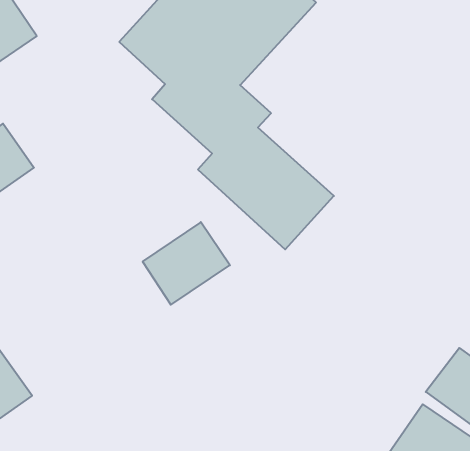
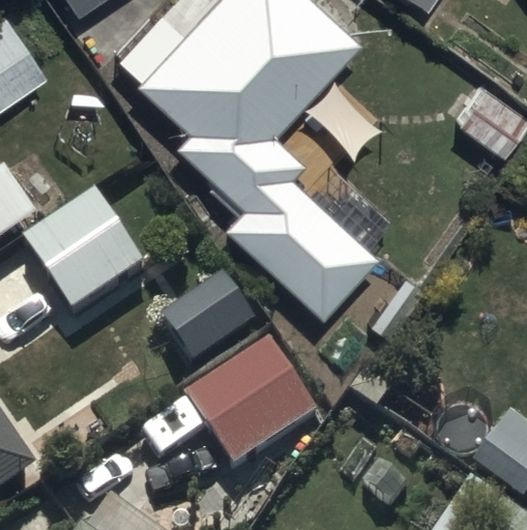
building: none -> [22,185,144,310]
building: none -> [184,336,318,467]

